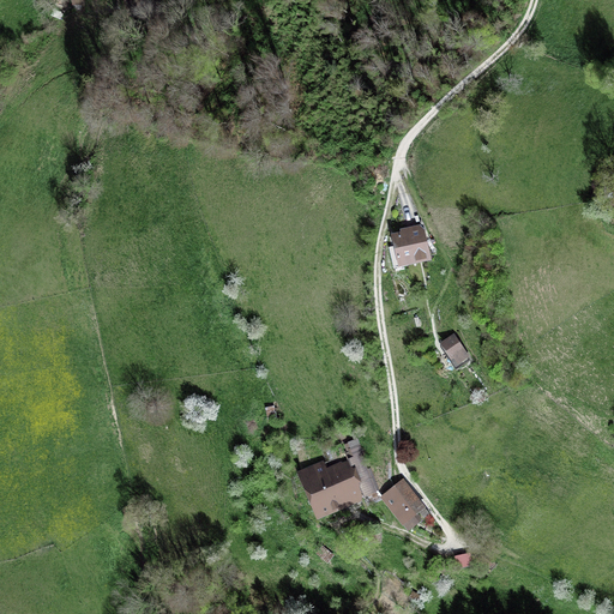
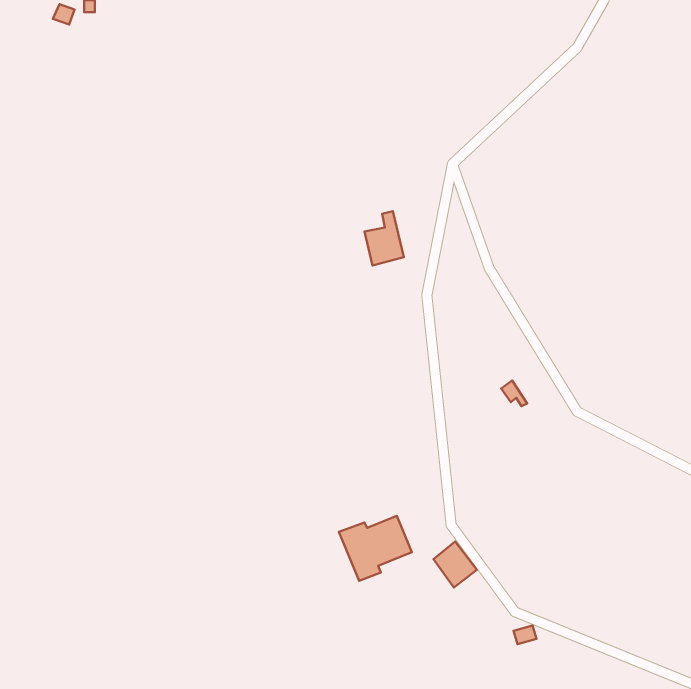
building: [391,215,426,263] -> [364,211,404,265]

